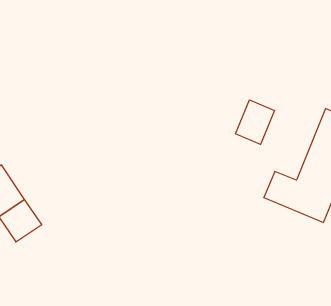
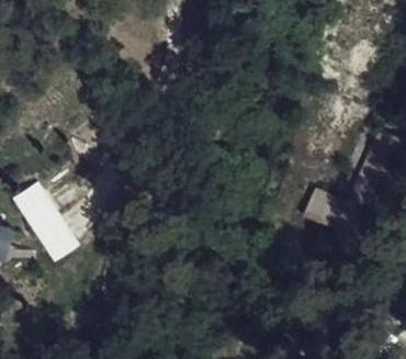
building: [236,100,275,144] -> none

